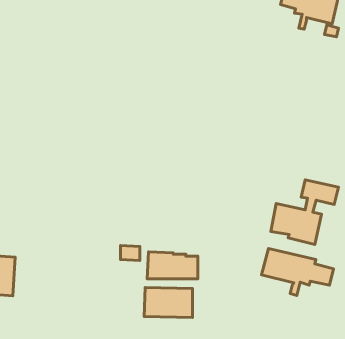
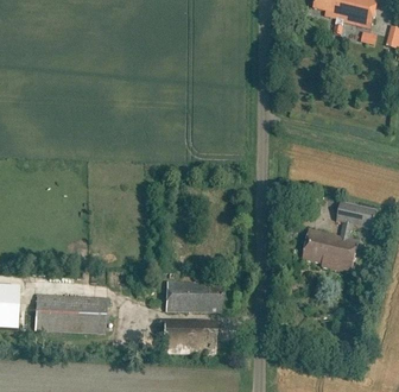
building: [261,249,333,296] -> none
building: none -> [34,293,107,333]

